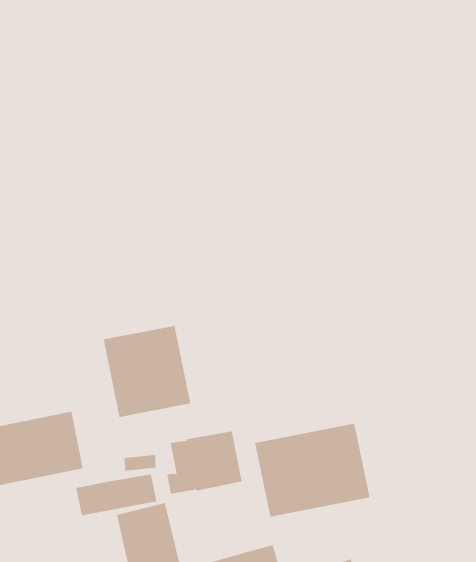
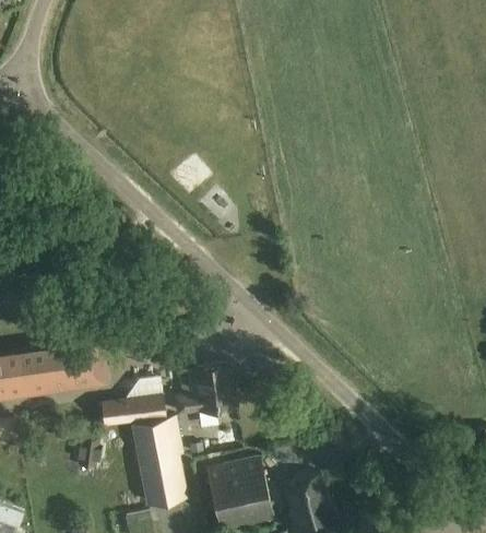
building: [103,325,191,418] -> none
building: [254,423,370,517] -> none

